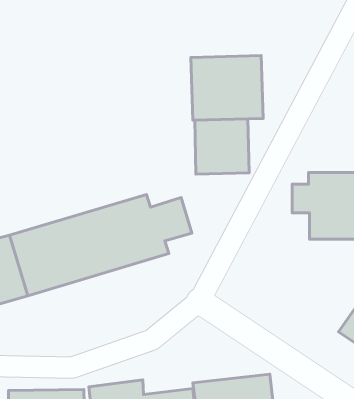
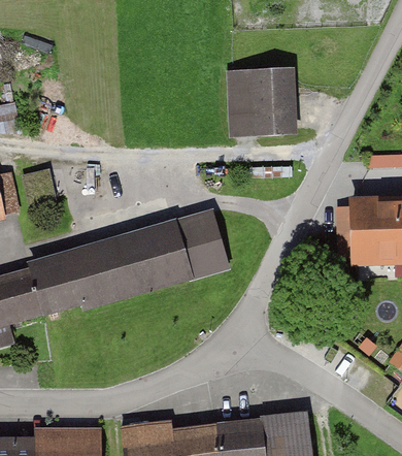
building: [195,119,249,174] -> none

